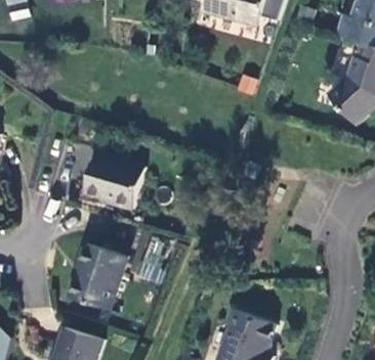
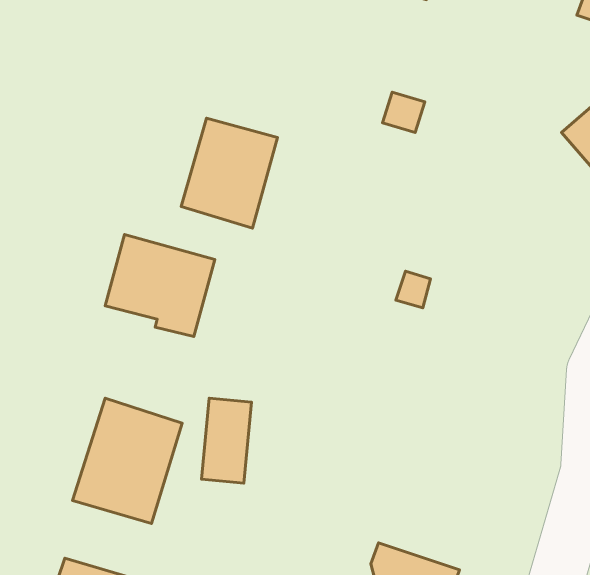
building: none -> [181,118,278,228]

